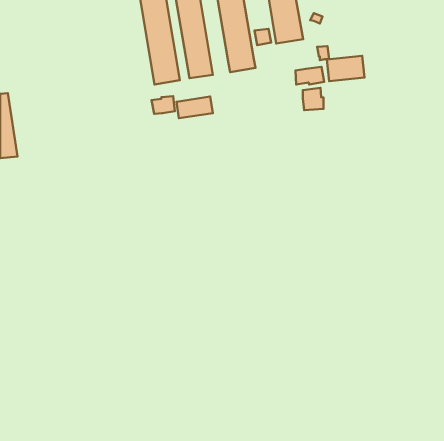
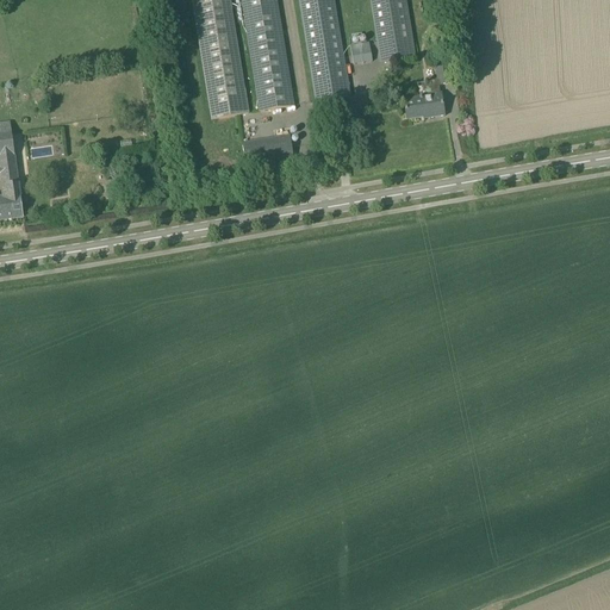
building: [327,56,364,81] -> none
building: [303,88,323,110] -> none
building: [151,96,175,114] -> none

